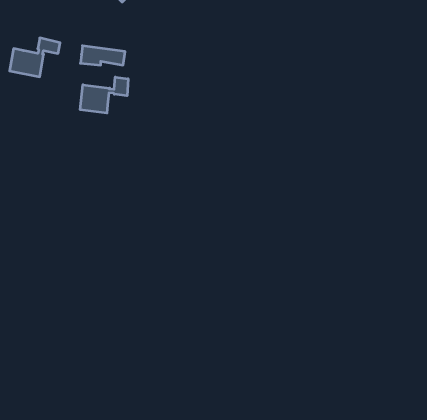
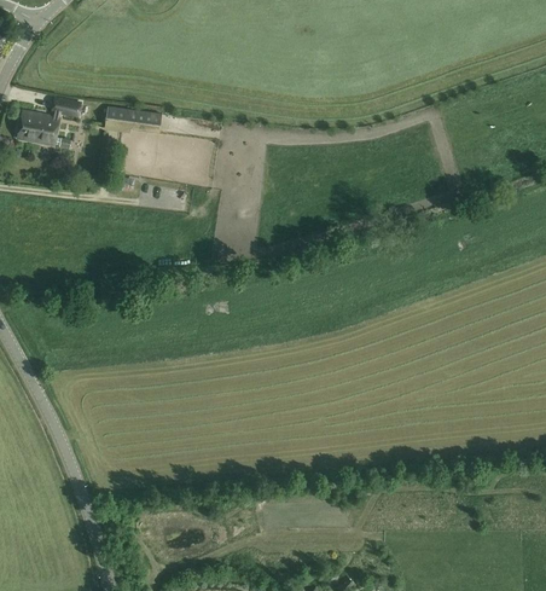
building: [80,77,128,113] -> none

